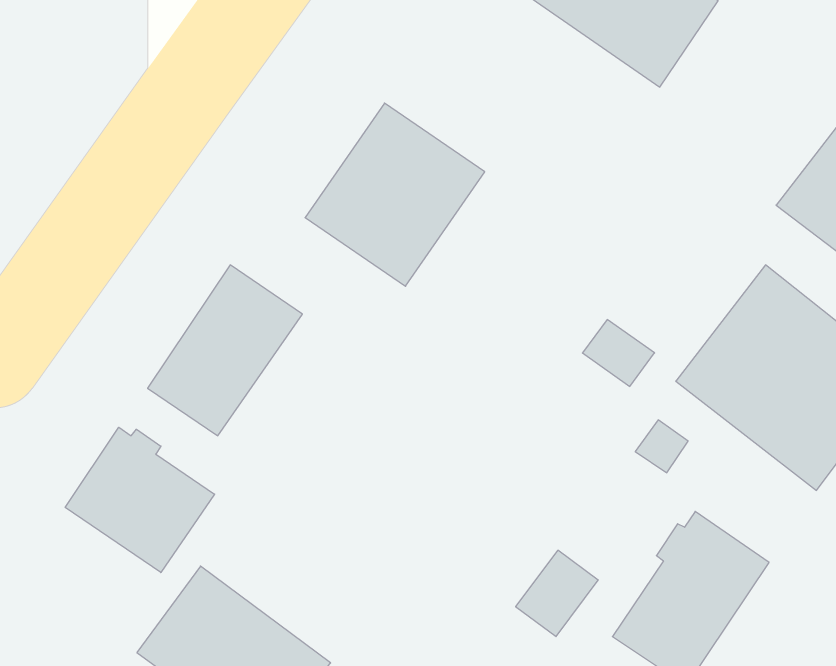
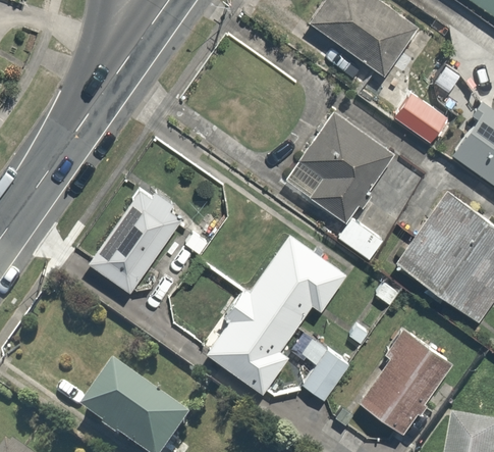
building: none -> [395,95,450,146]
building: [305,103,485,286] -> [287,110,391,216]
building: none -> [208,234,344,391]
building: [65,427,215,573] -> none

